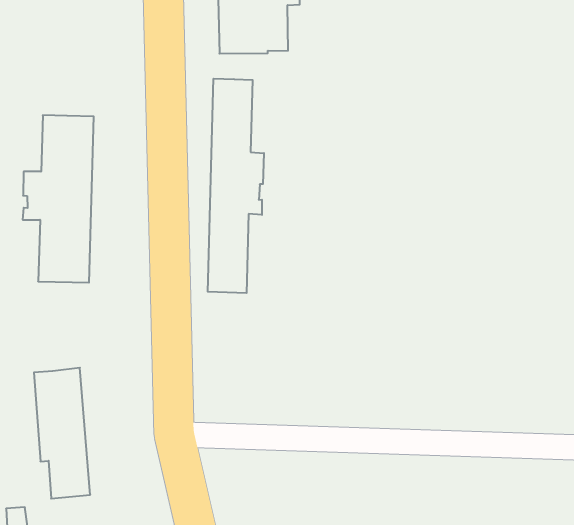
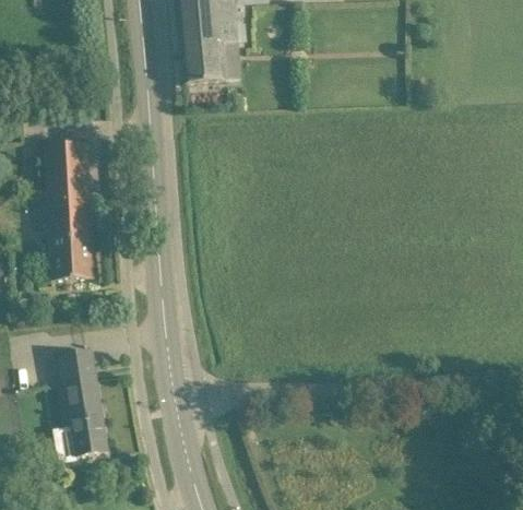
building: [208,79,264,293] -> none

